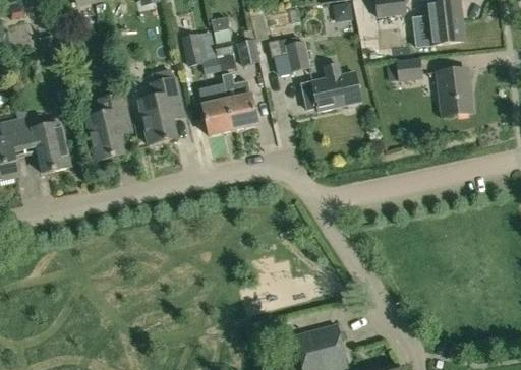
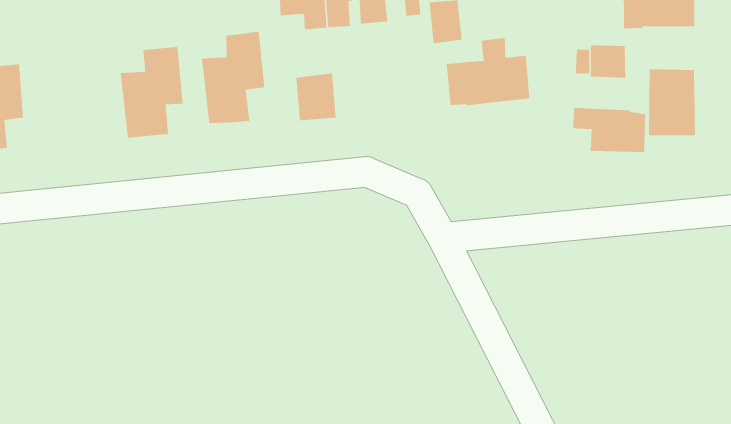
building: [221,70,256,129] -> none
building: none -> [573,107,646,153]
building: [18,114,69,172] -> none

